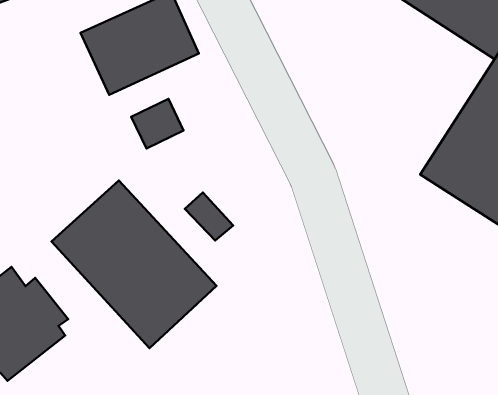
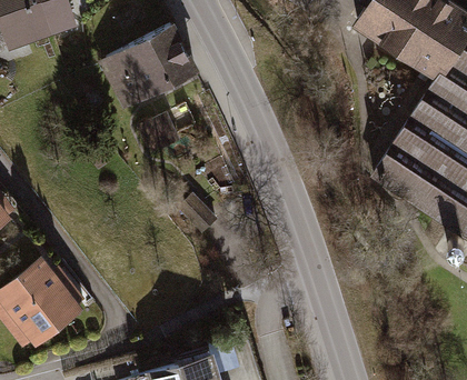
building: [51,180,216,348] -> none

